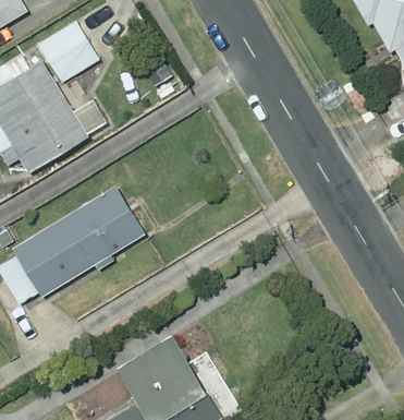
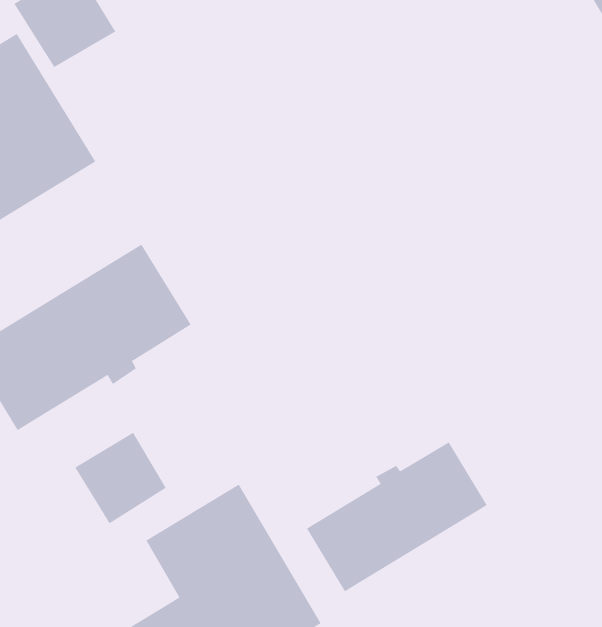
building: none -> [75,432,166,524]
building: none -> [306,442,487,592]

